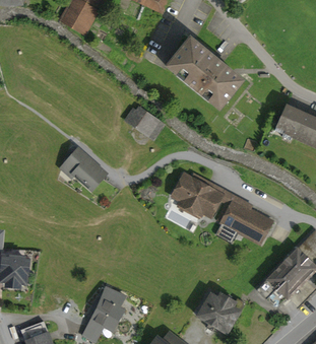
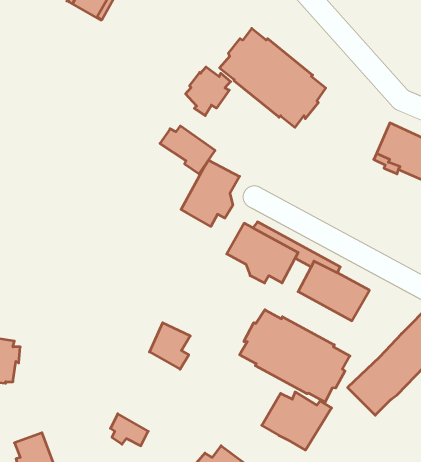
building: none -> [186,67,231,116]
building: none -> [181,160,240,226]
building: [64,149,104,188] -> none
building: none -> [240,310,350,402]
building: [96,287,124,320] -> [149,323,190,369]

